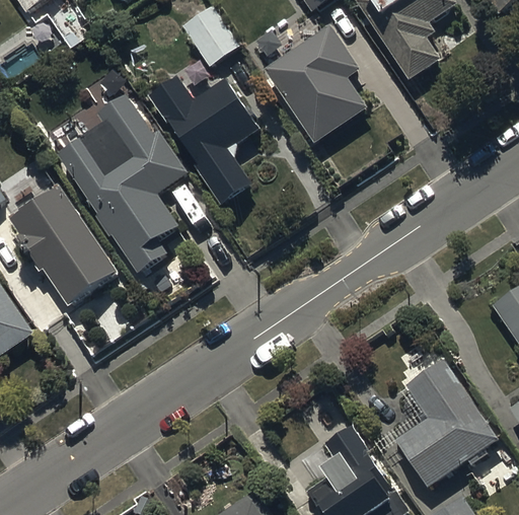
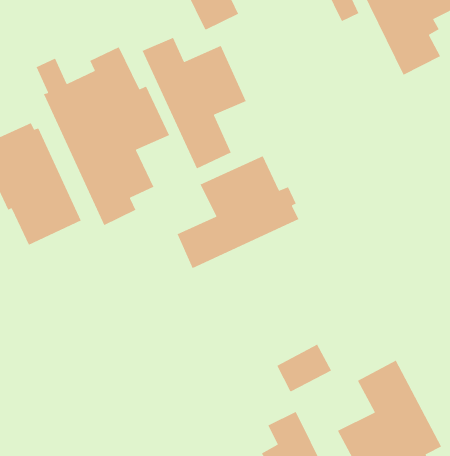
building: [264,25,368,144] -> none
building: none -> [176,155,300,269]
building: none -> [276,344,332,392]

